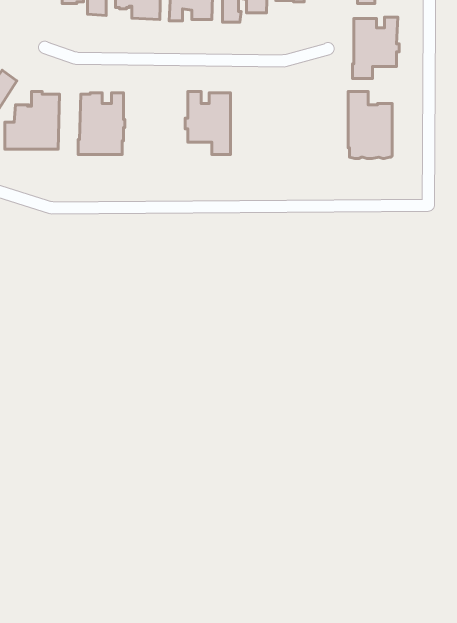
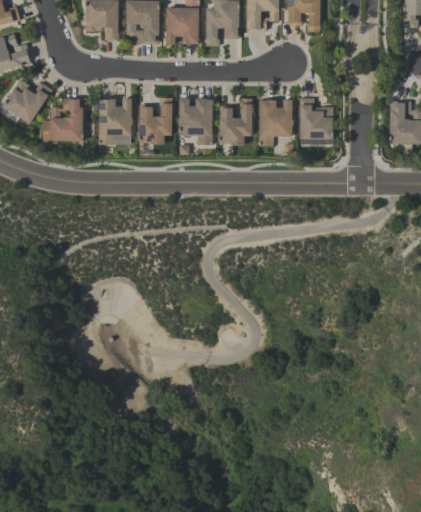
building: [352,17,399,78] -> [258,99,293,145]
building: none -> [138,97,172,144]
building: none -> [219,98,252,145]

